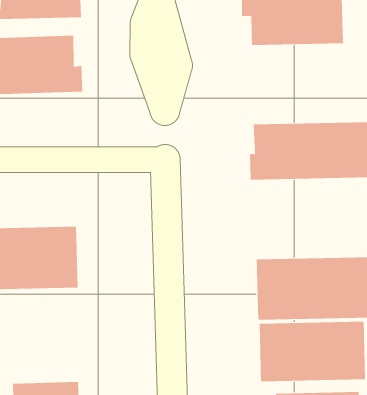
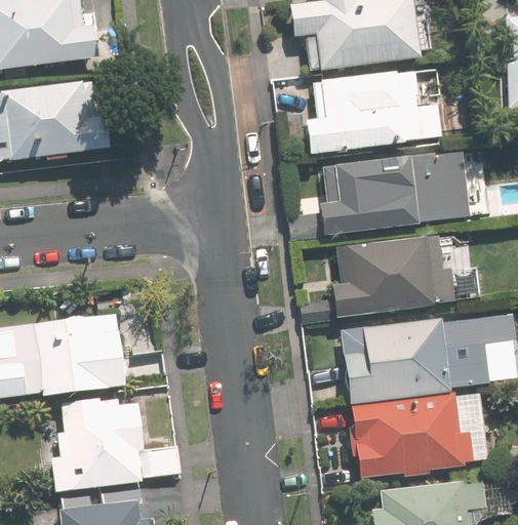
building: none -> [307,69,437,153]
building: none -> [336,235,448,316]
building: none -> [52,397,181,491]

